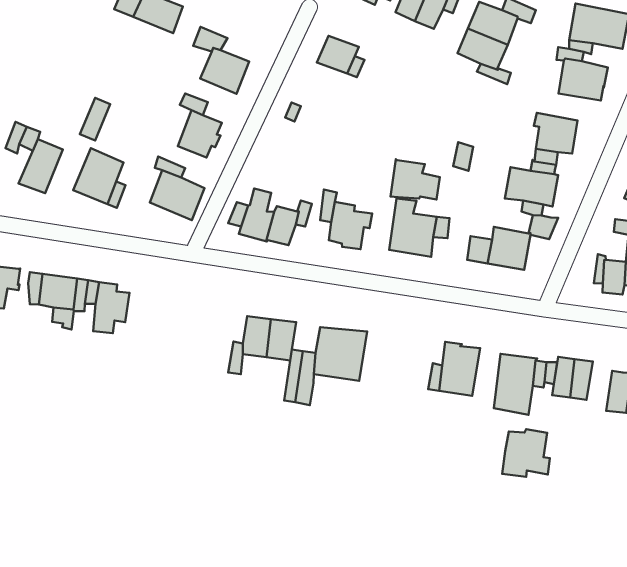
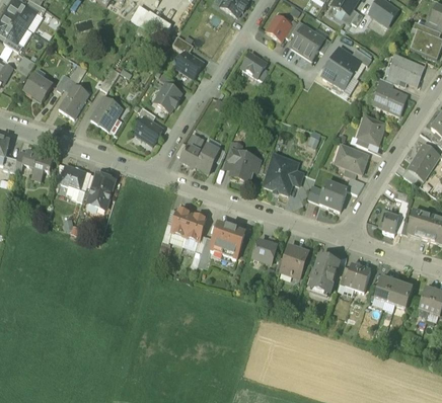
building: [390,159,440,199] -> none
building: none -> [252,235,277,258]
building: [502,429,550,477] -> none

